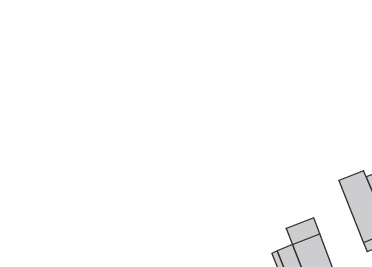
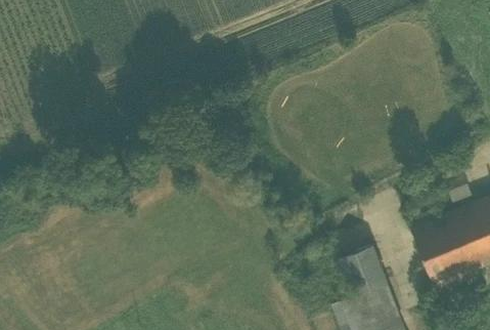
building: none -> [342,244,380,275]

